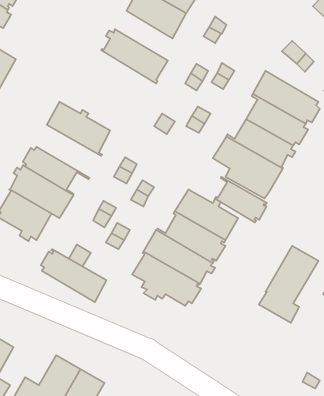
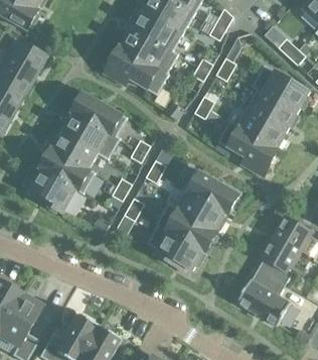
building: none -> [130,12,182,55]
building: none -> [105,46,168,95]
building: [215,177,267,222] -> none
building: [41,249,106,302] -> [62,112,120,158]
building: none -> [237,269,291,326]

